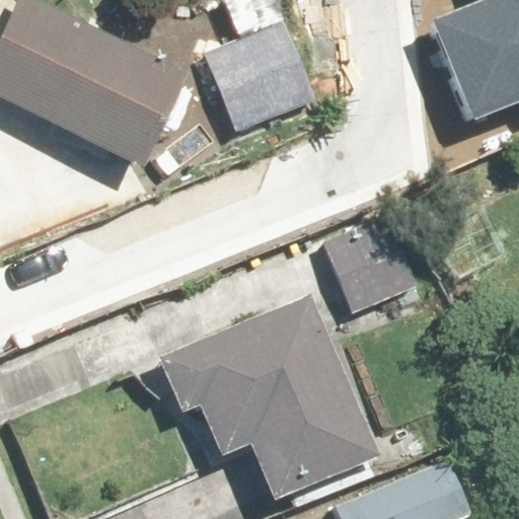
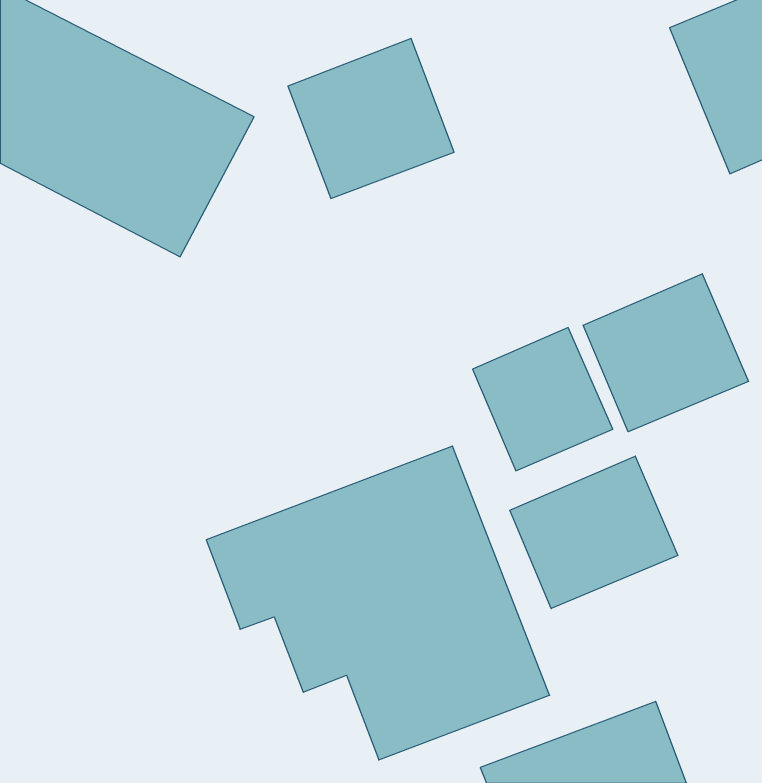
building: none -> [583,274,748,432]
building: none -> [510,456,678,609]

